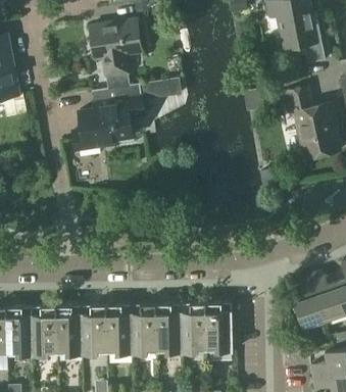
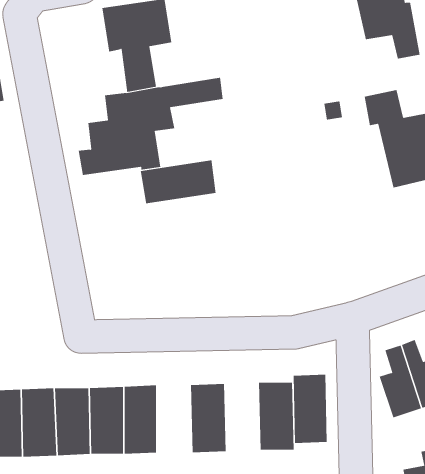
building: none -> [140,160,216,204]
building: [181,301,206,352] -> [293,374,328,443]
building: [131,303,156,353] -> none

